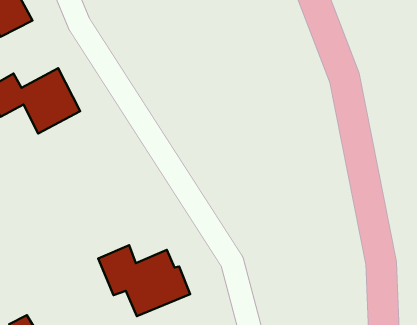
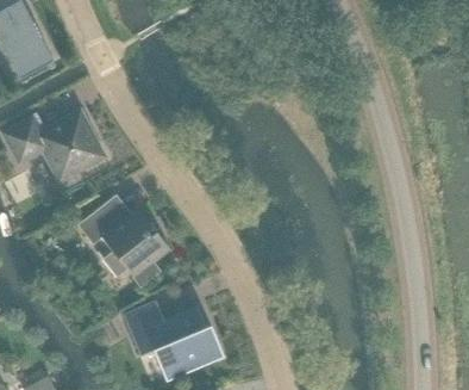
building: none -> [76,193,169,286]

